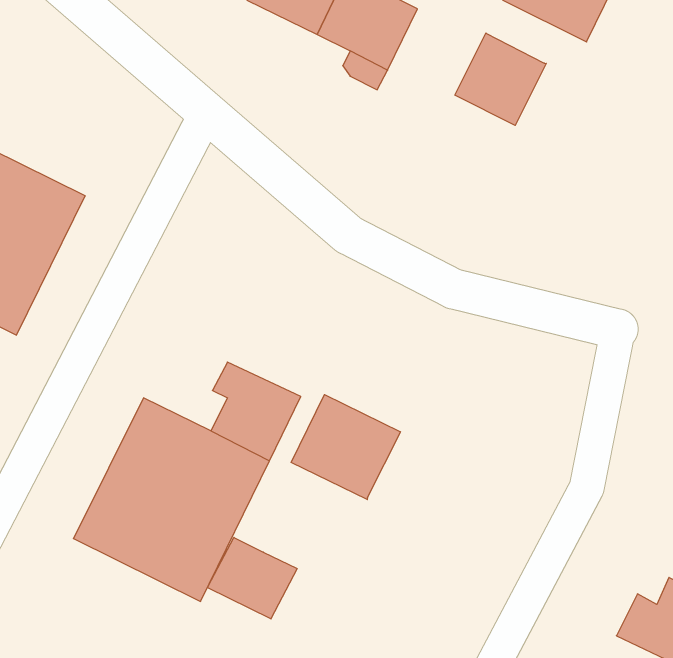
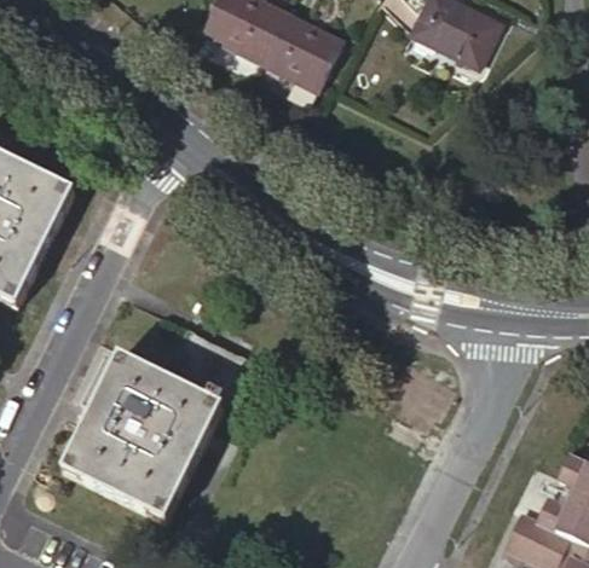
building: [455,33,546,125] -> none
building: [291,395,400,500] -> none
building: [208,537,297,619] -> none

